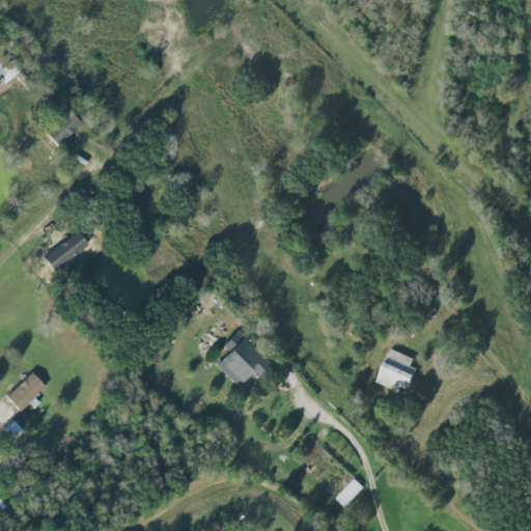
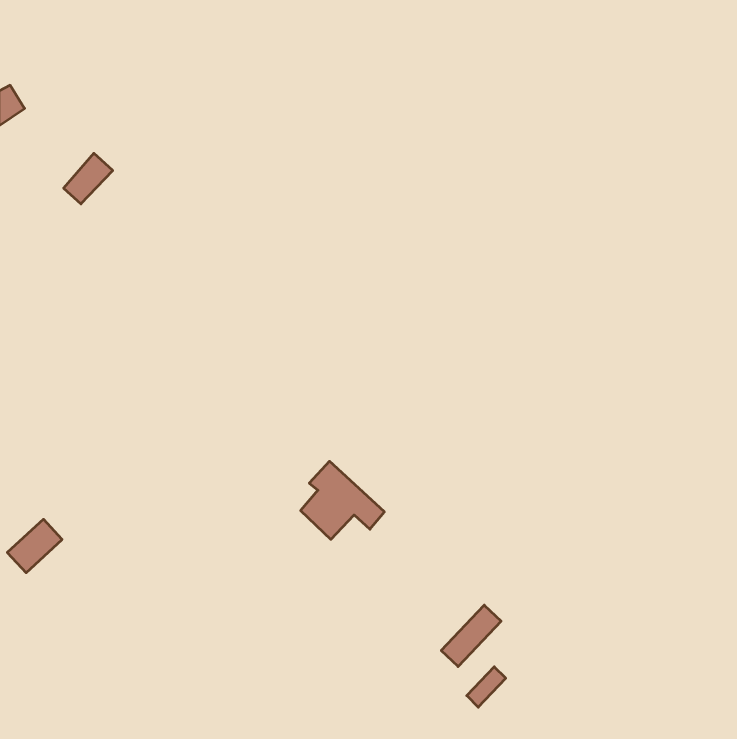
building: [44,231,88,271] -> none
building: [378,350,416,392] -> none
building: none -> [441,605,501,667]

